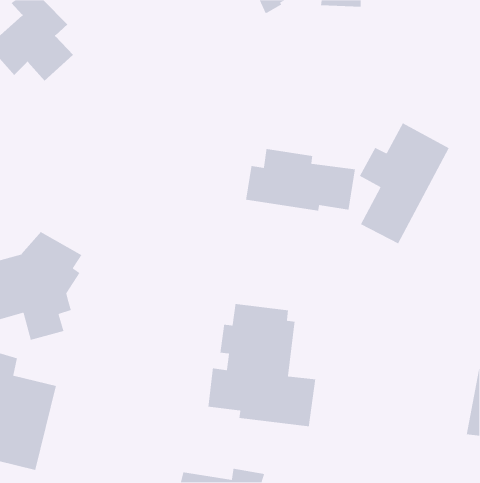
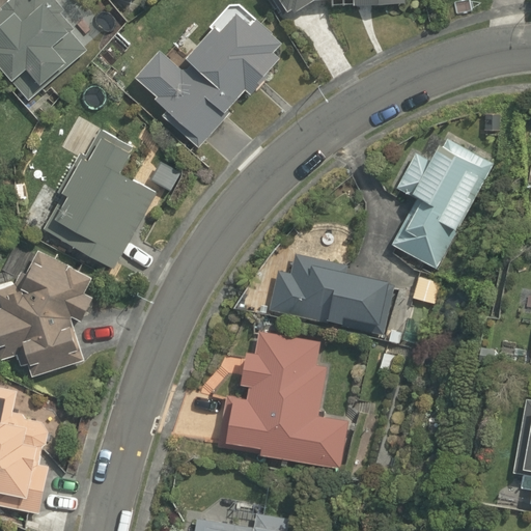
building: none -> [135,10,278,141]
building: none -> [49,124,149,264]
building: [245,148,356,212] -> [271,254,392,324]

